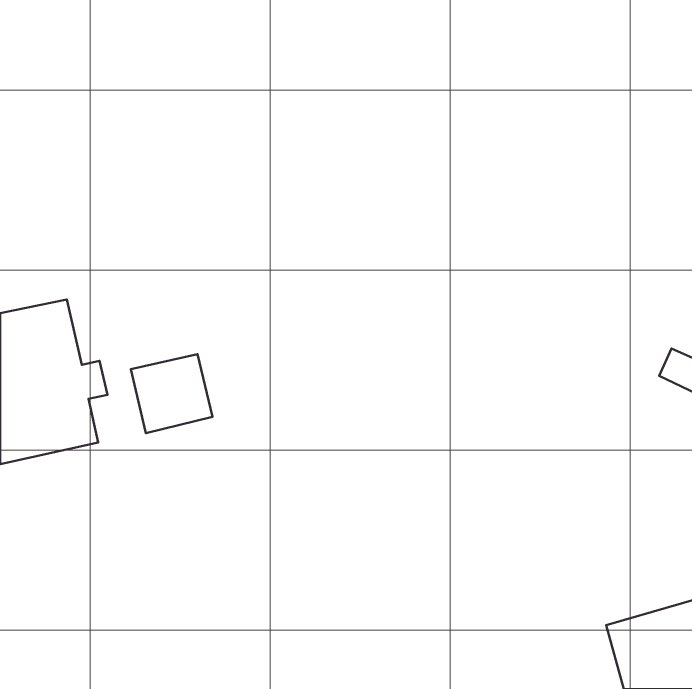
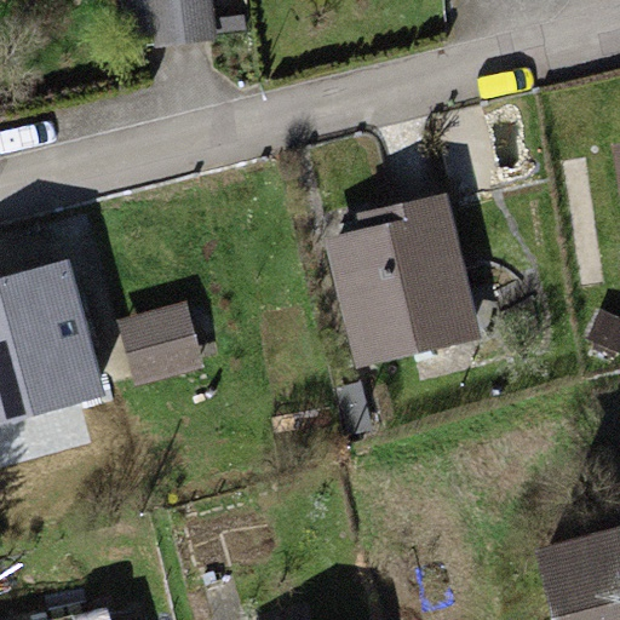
building: none -> [334,199,465,346]

